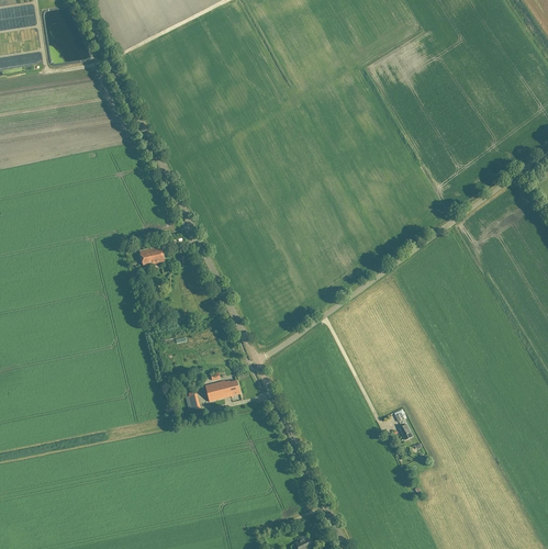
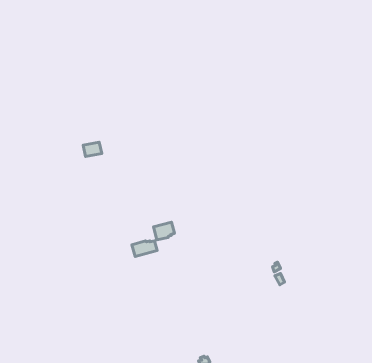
building: none -> [154,222,174,240]

